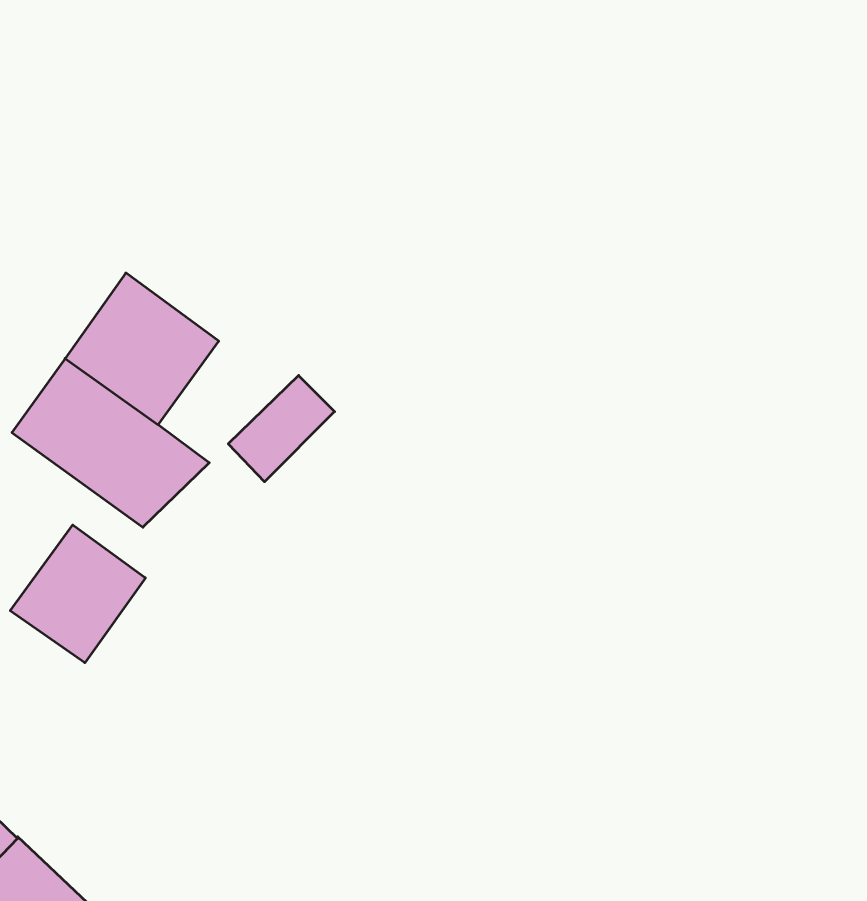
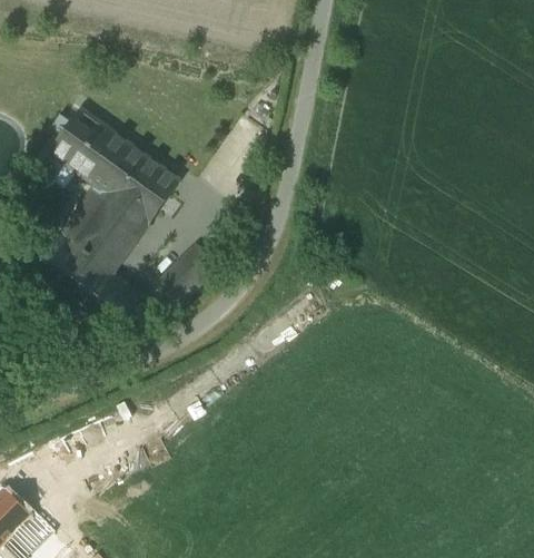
building: none -> [48,105,181,223]
building: [10,525,145,663] -> none

